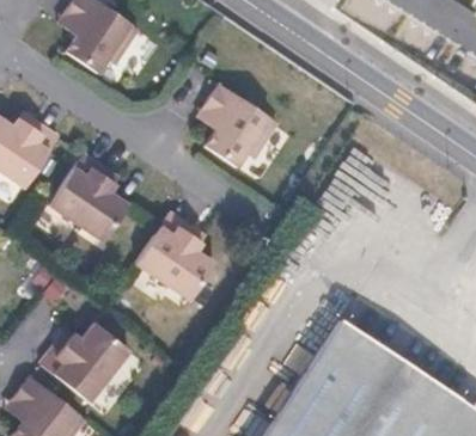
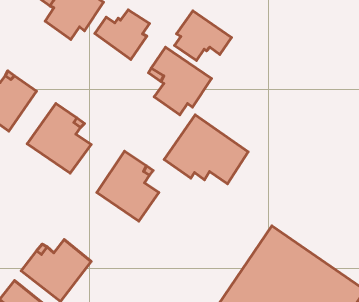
building: none -> [95,10,149,60]
building: none -> [174,11,232,61]
building: none -> [164,115,248,184]

